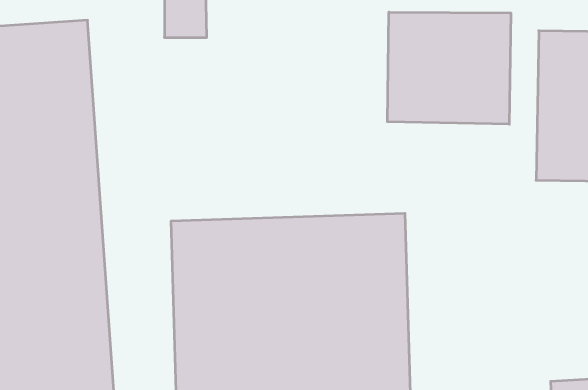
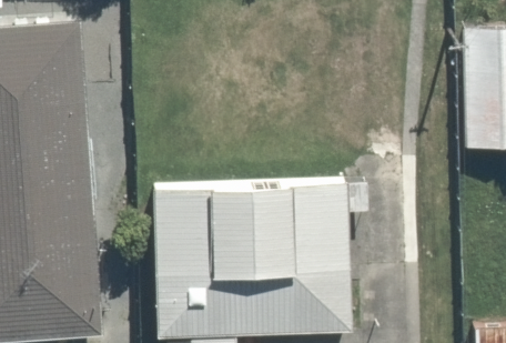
building: [387,12,511,124] -> none

